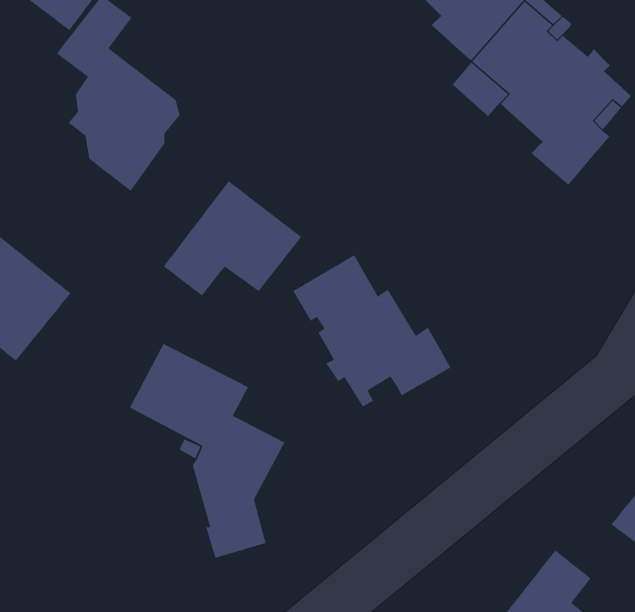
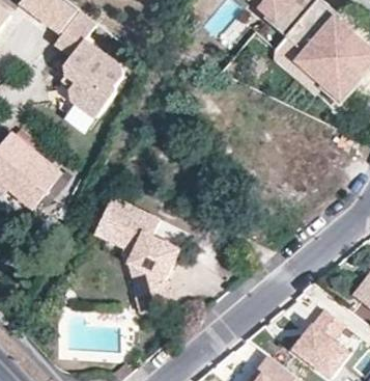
building: [163,180,302,296] -> none
building: [292,254,452,408] -> none

